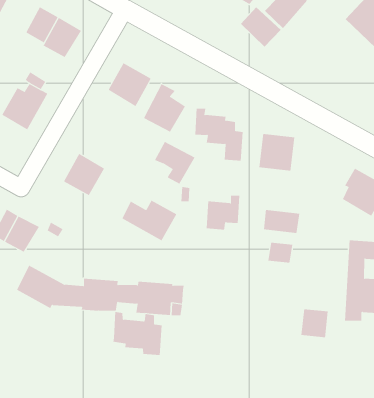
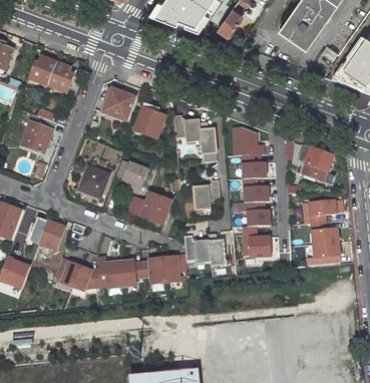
building: [240,7,281,48] -> none
building: [154,141,195,185] -> [115,160,147,193]
building: none -> [237,163,262,185]
building: [301,309,329,338] -> [248,237,269,259]
building: [112,312,162,356] -> [183,234,225,266]

